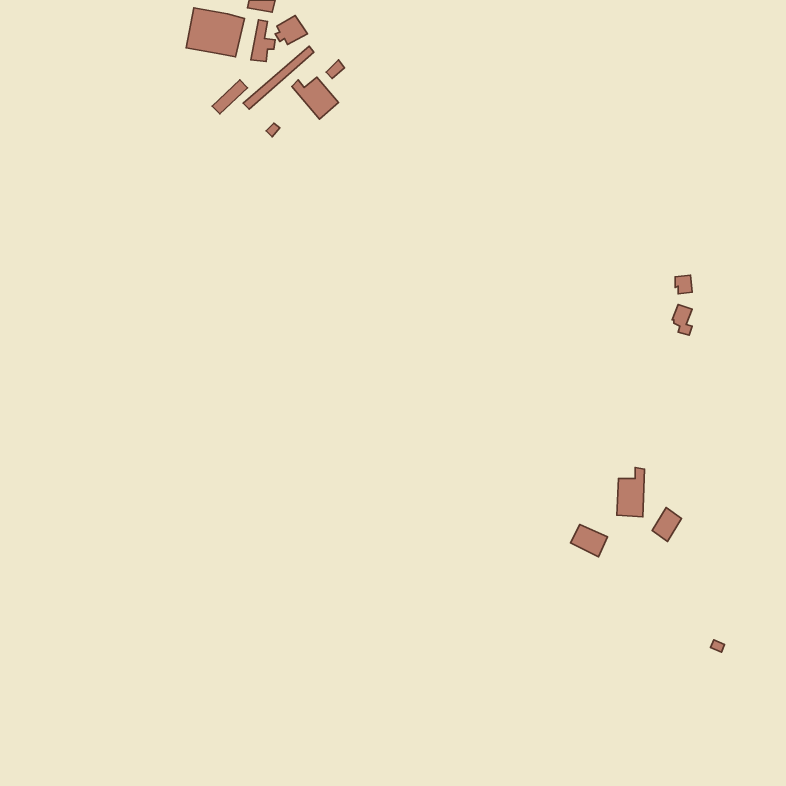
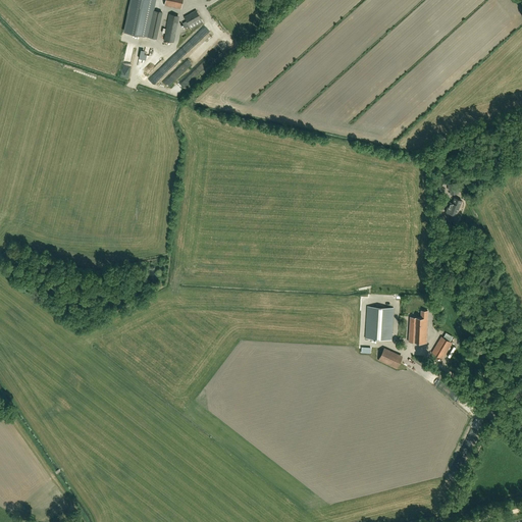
building: [292,77,339,119] -> none
building: none -> [365,306,394,340]

